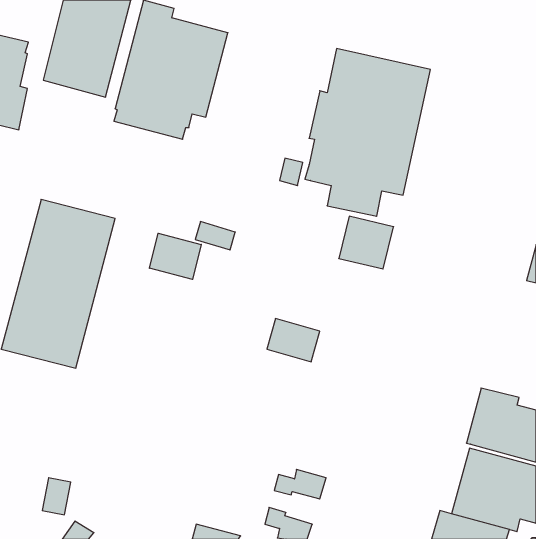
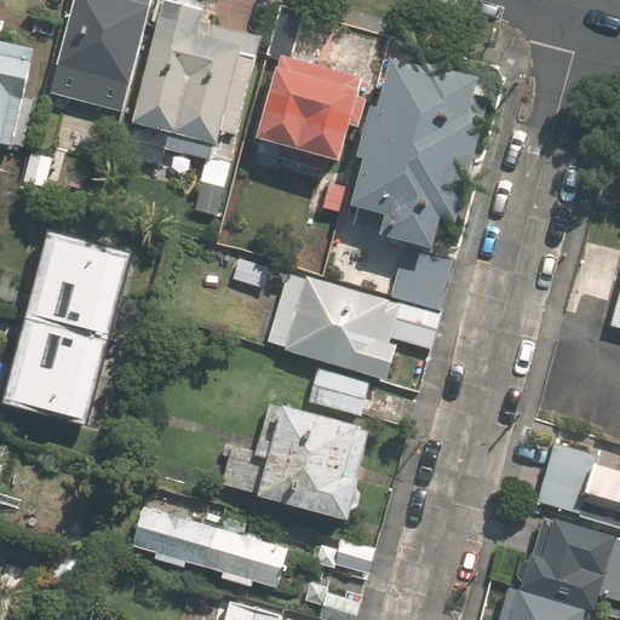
building: none -> [256,6,366,162]
building: [149,233,201,279] -> none
building: none -> [268,275,438,379]
building: none -> [219,406,367,521]
building: none -> [131,505,287,586]

